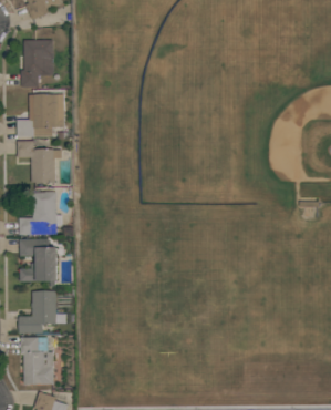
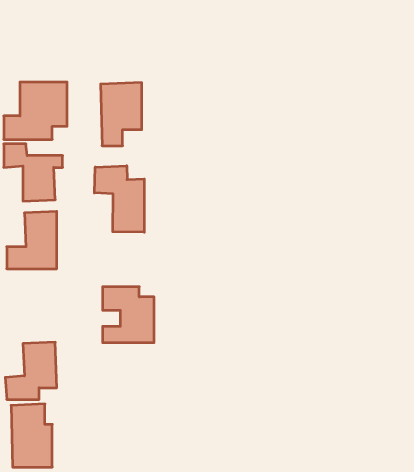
building: [22,39,53,86] -> [101,83,142,146]
building: none -> [94,166,144,232]
building: [19,238,58,280] -> [103,287,154,343]

